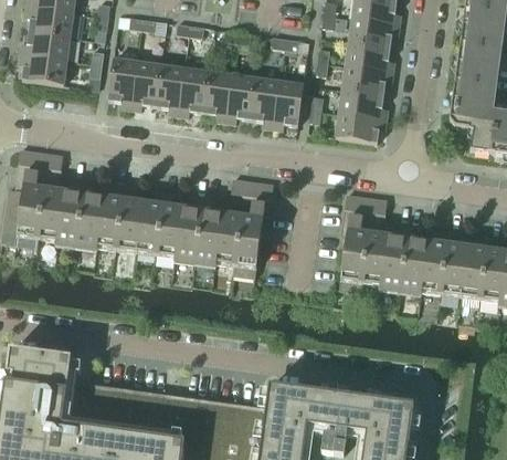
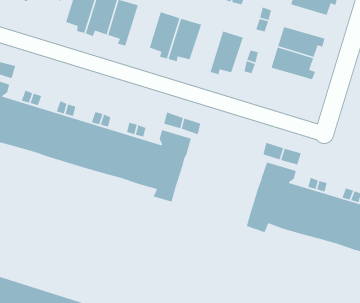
building: [346,40,394,70] -> none
building: [179,66,210,116] -> none
building: [251,76,281,127] -> none
building: [336,112,387,140] -> none

